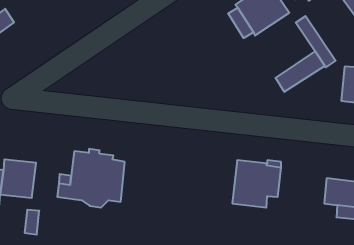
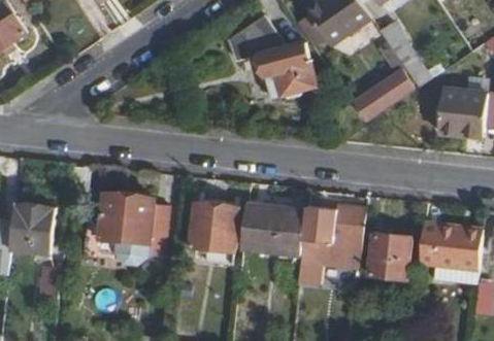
building: none -> [230,22,318,97]
building: none -> [188,199,238,252]
building: none -> [240,204,304,254]
building: none -> [368,234,407,278]

